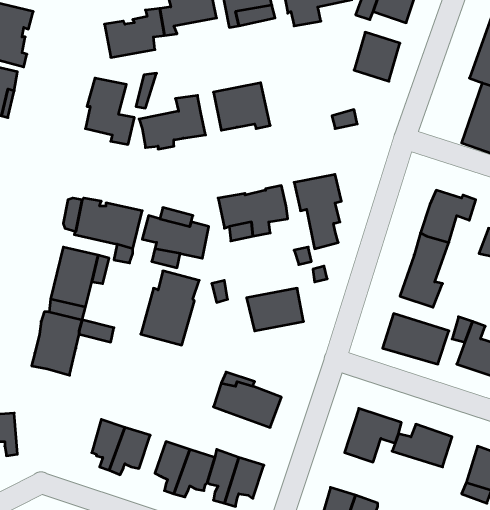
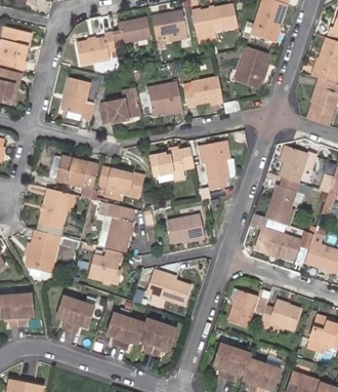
building: none -> [183,74,222,104]
building: none -> [91,249,124,282]
building: none -> [17,293,36,321]

